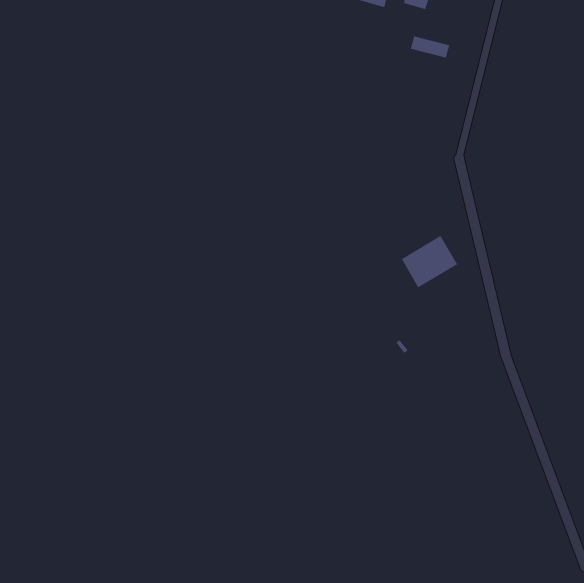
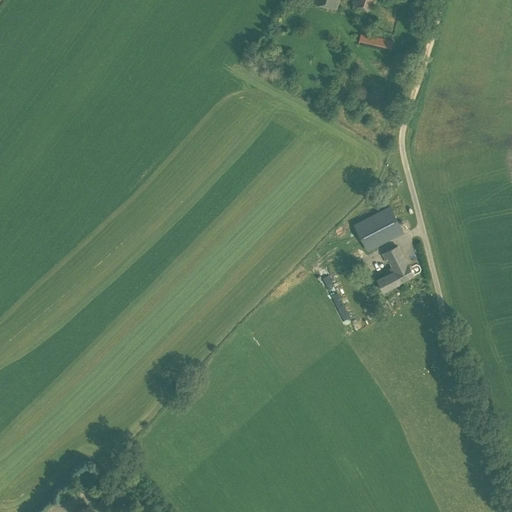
building: none -> [379,244,415,289]

